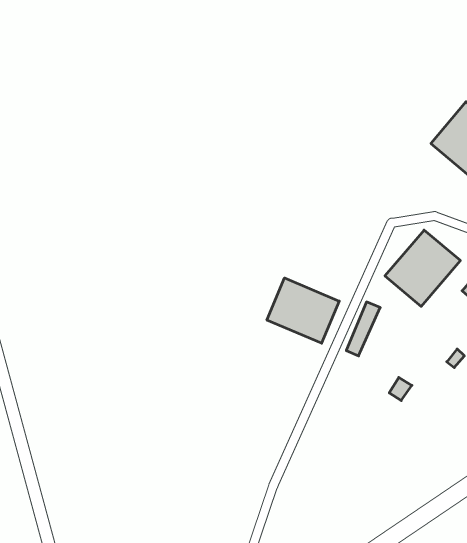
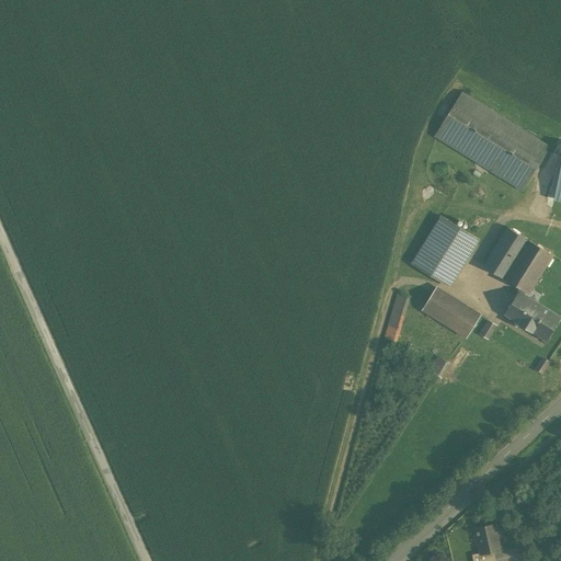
building: [267,278,339,343] -> none
building: none -> [422,294,476,337]

